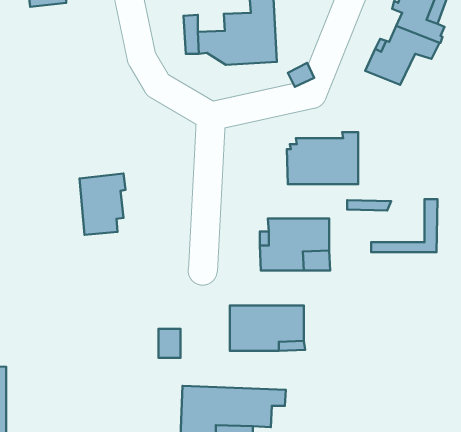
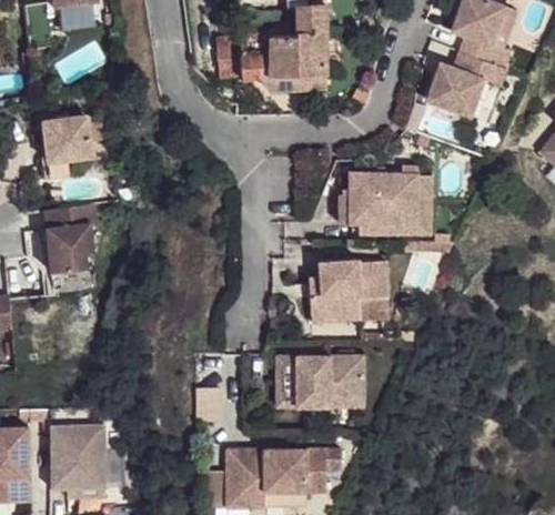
building: none -> [43,115,89,174]
building: [79,174,126,235] -> [43,203,94,271]
building: [371,199,437,252] -> [359,176,432,235]
building: none -> [50,425,104,488]

